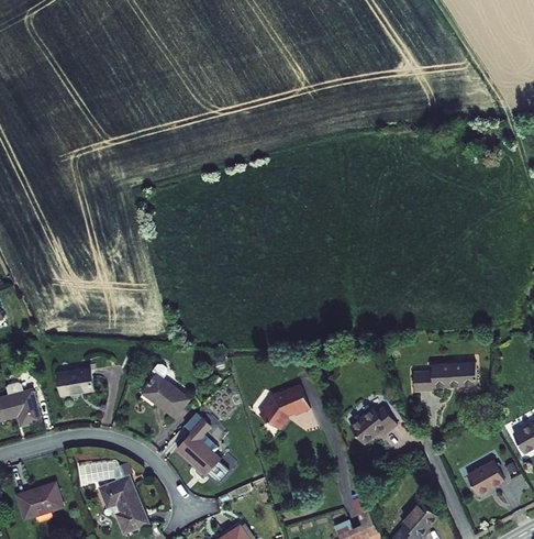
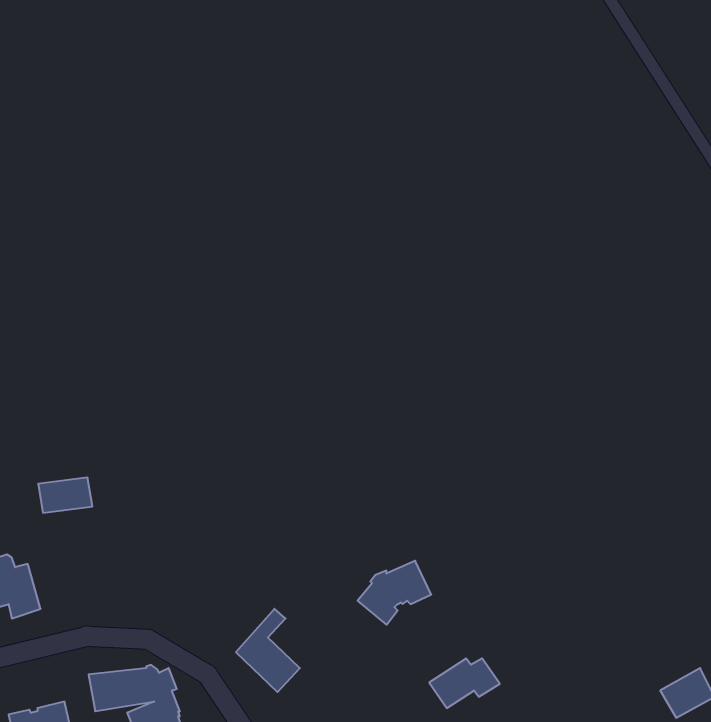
building: [414,362,478,394] -> none
building: [57,370,94,394] -> [38,478,92,513]
building: [142,374,188,418] -> none
building: [348,408,397,442] -> [429,658,500,708]

